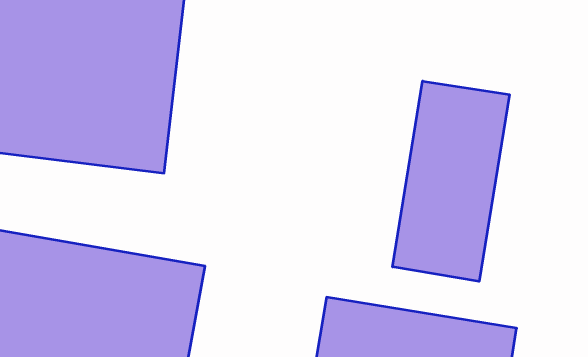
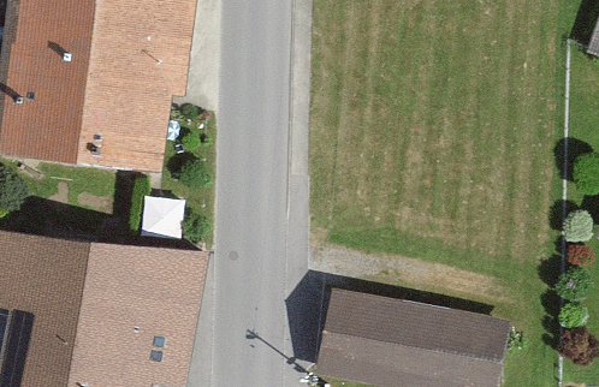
building: [393,81,509,281] -> none

